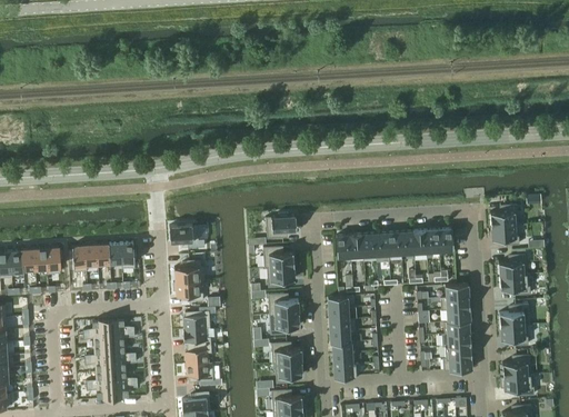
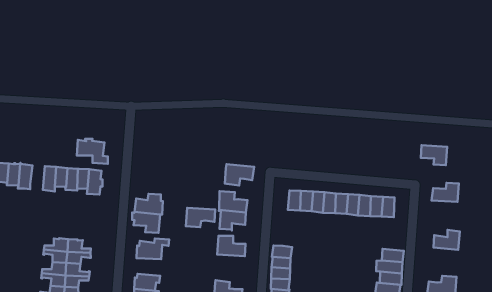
building: [169,224,204,249] -> [77,139,108,164]
building: [490,225,519,246] -> [421,145,447,165]
building: [499,276,530,296] -> none
building: [269,314,300,336] -> [186,208,215,227]
building: [183,329,214,348] -> none

